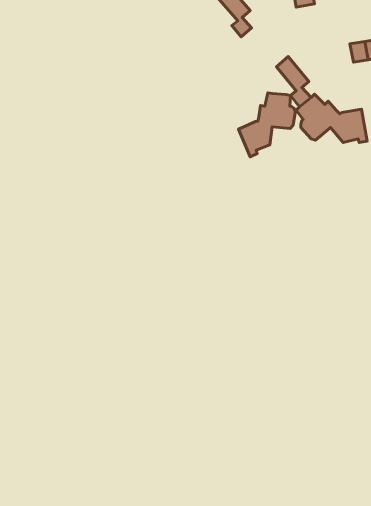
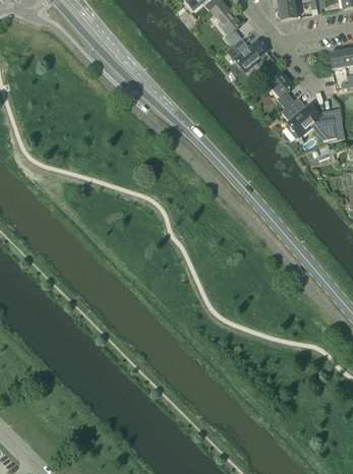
building: none -> [226,38,266,69]
building: [238,93,296,157] -> none

